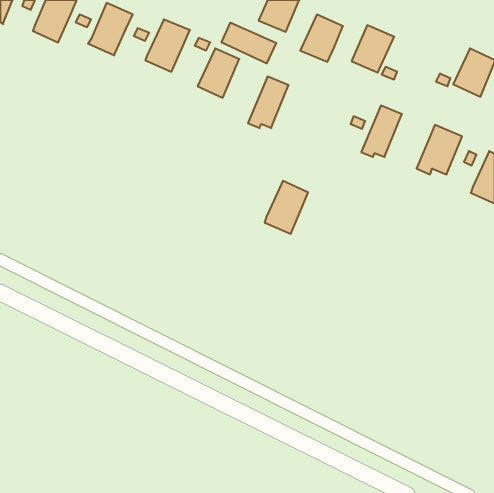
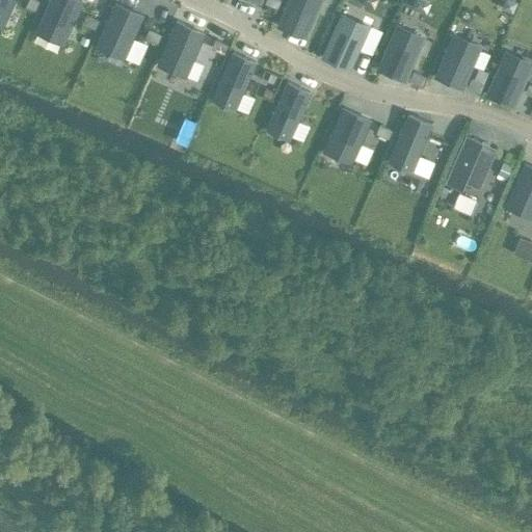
building: [222,23,276,63] -> none
building: none -> [437,37,482,89]
building: [265,181,308,234] -> [325,108,372,165]

